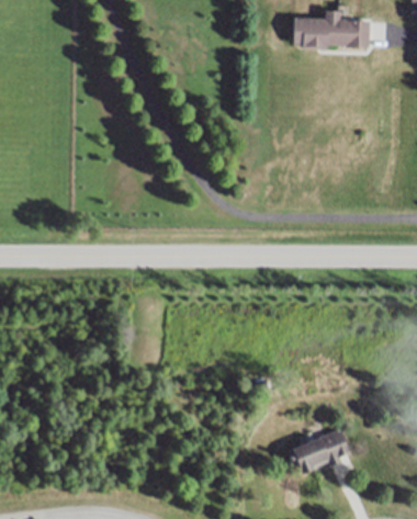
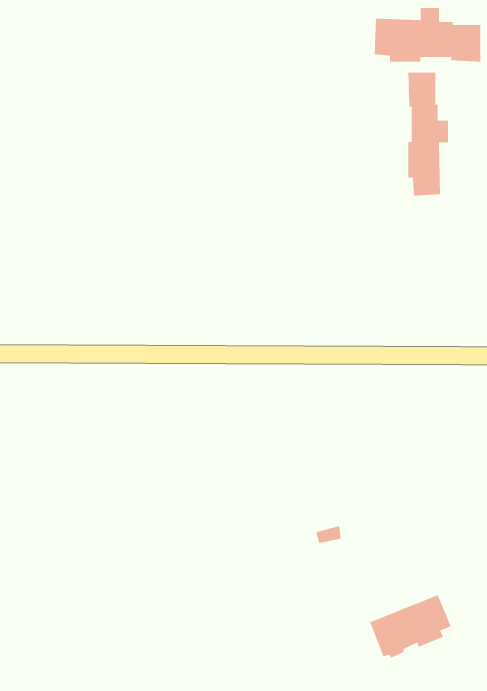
building: none -> [408,72,449,196]

